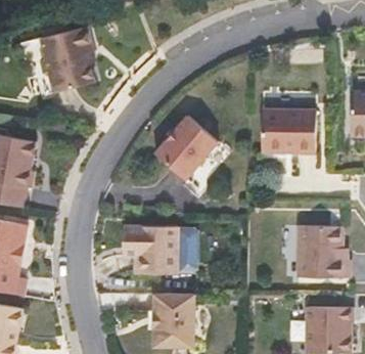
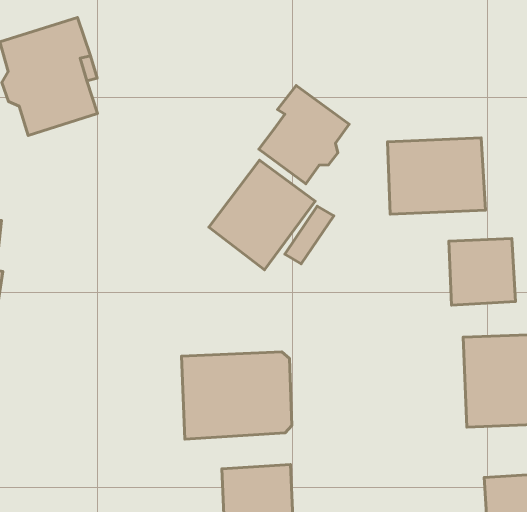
building: none -> [259,85,349,184]
building: none -> [449,239,515,305]

